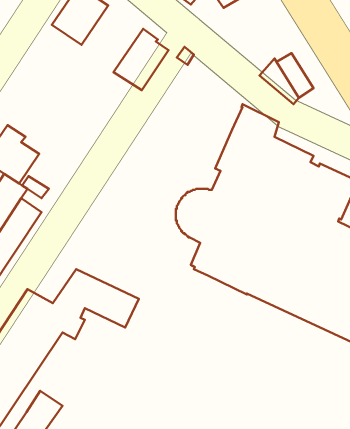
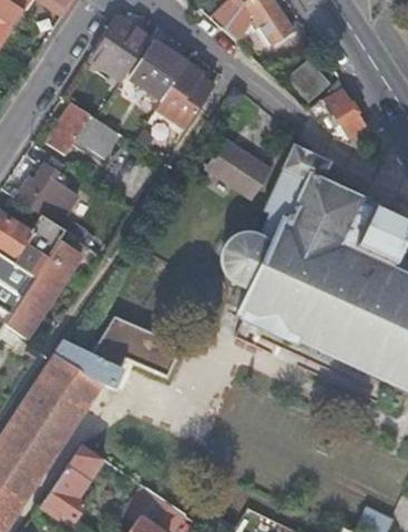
building: none -> [130,42,186,100]
building: none -> [287,59,330,103]
building: none -> [45,103,125,161]
building: none -> [205,140,268,197]

